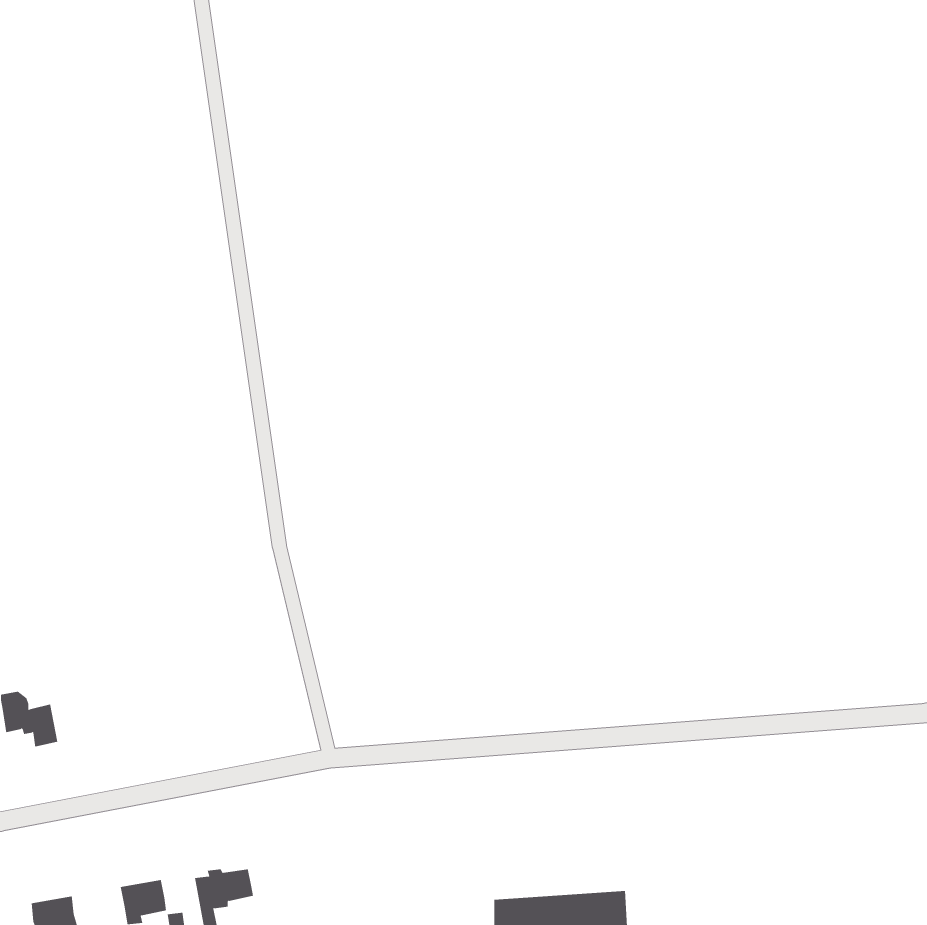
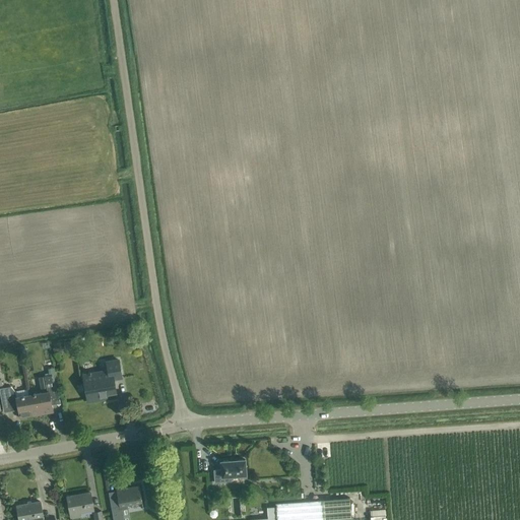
building: none -> [83,361,122,402]
building: none -> [28,369,56,416]
building: none -> [214,461,246,483]

